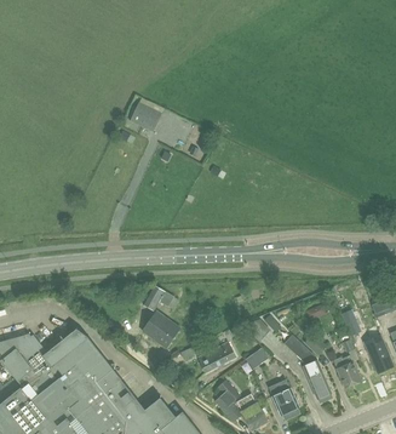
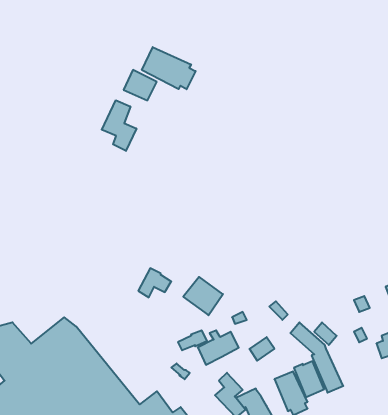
building: none -> [142,47,196,89]
building: none -> [102,100,136,151]
building: [143,313,179,348] -> [183,277,223,315]
building: [333,355,361,388] -> [294,361,324,397]

